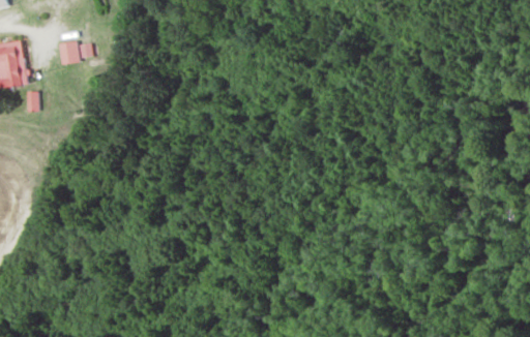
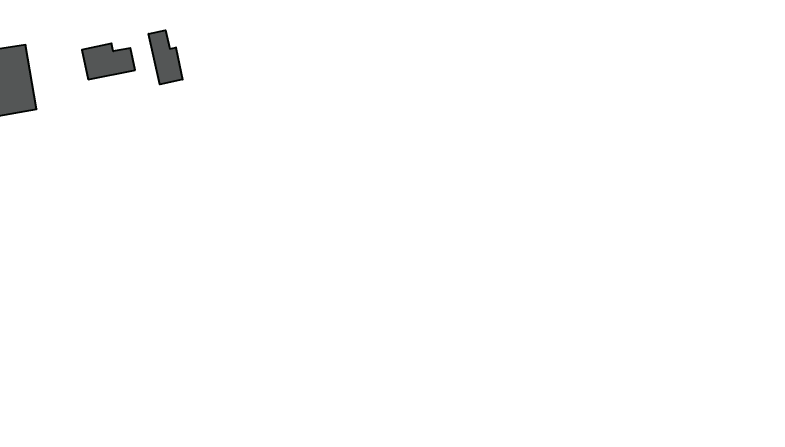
building: none -> [149,30,183,84]

